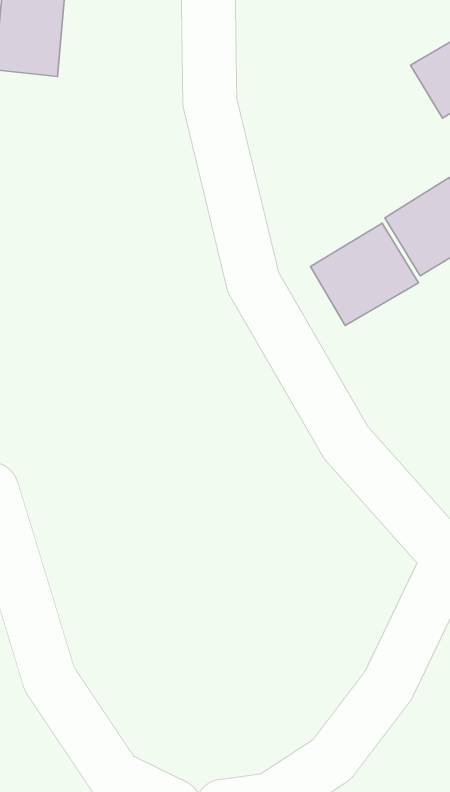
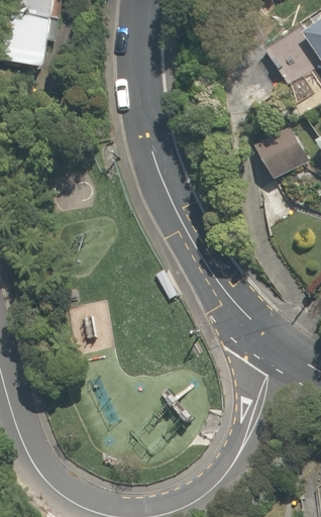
building: [310,223,418,325] -> none

